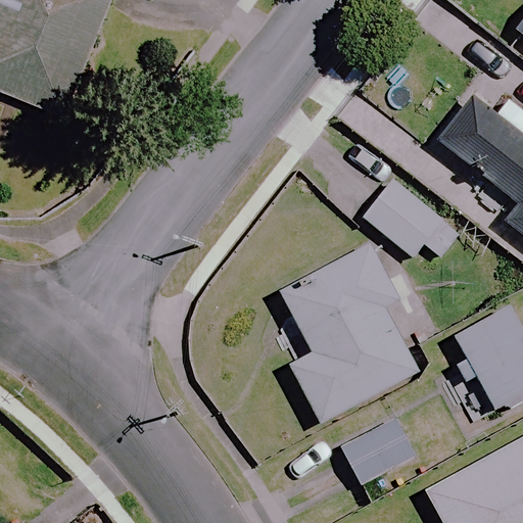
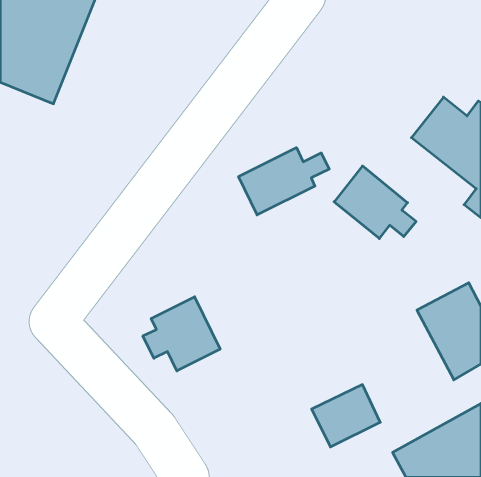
building: none -> [239,148,329,215]
building: [281,245,419,421] -> none
building: none -> [143,297,220,371]

